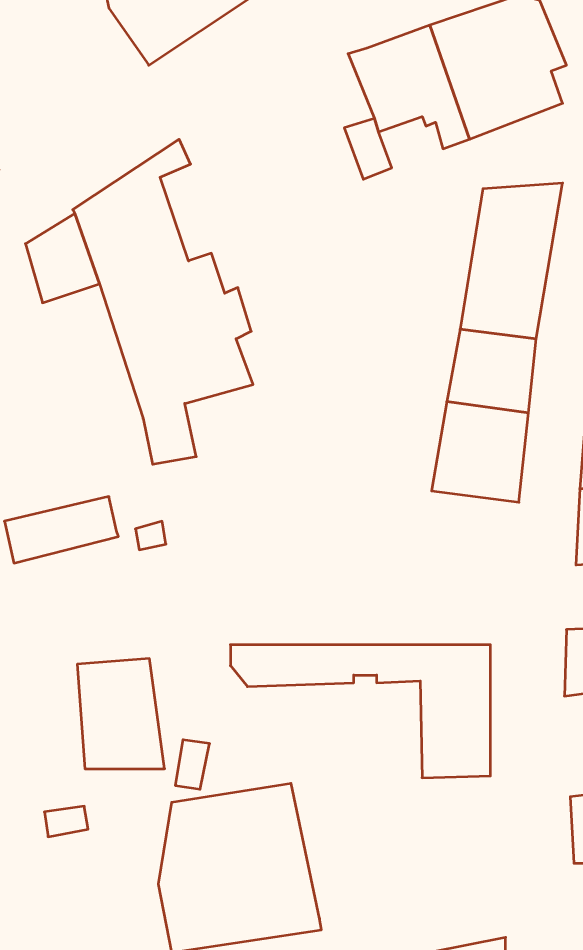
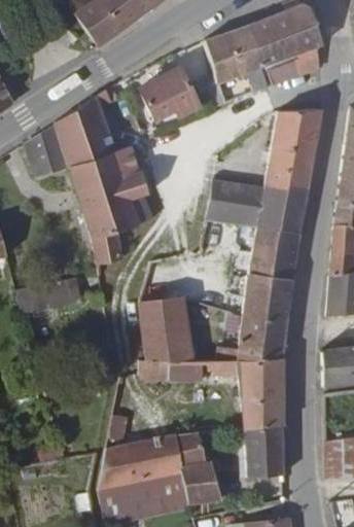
building: none -> [140,65,199,117]
building: none -> [206,182,264,227]
building: none -> [220,276,296,359]
building: [77,659,165,769] -> [142,300,189,359]
building: none -> [244,430,283,480]
building: none -> [173,433,219,507]

